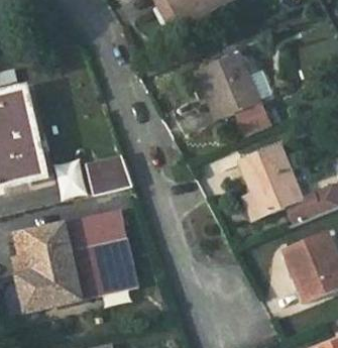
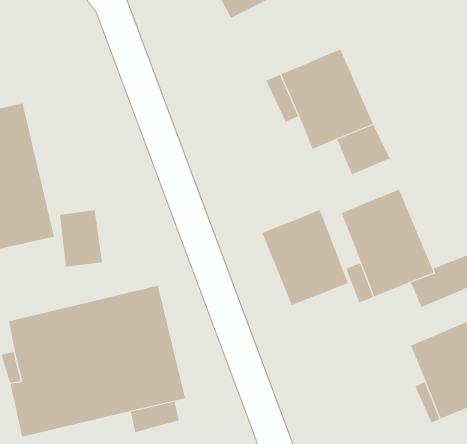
building: [86,155,132,195] -> none
building: none -> [262,209,348,306]

